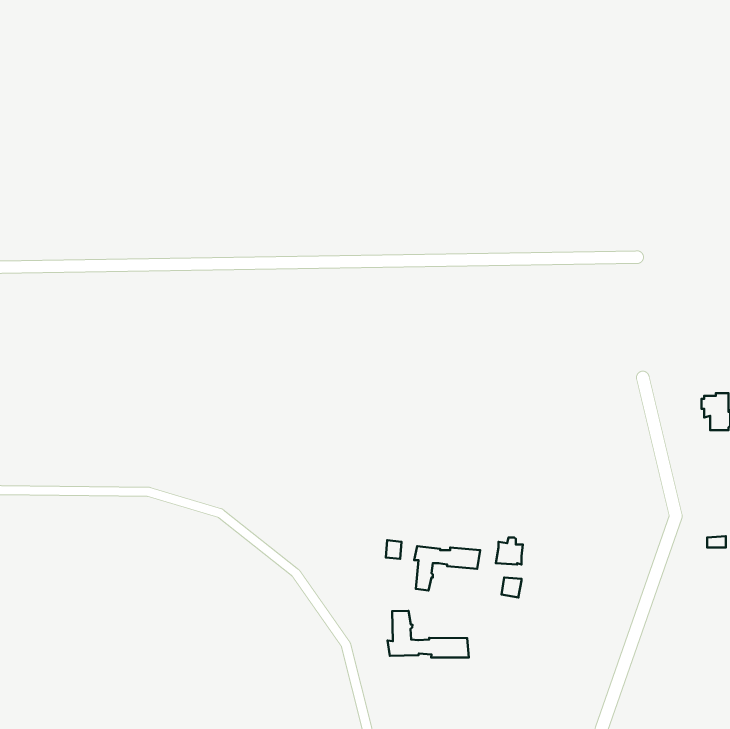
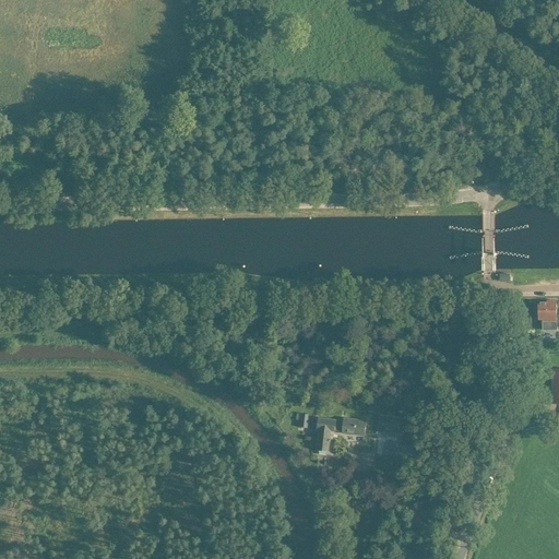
building: [388,611,469,658] -> none

